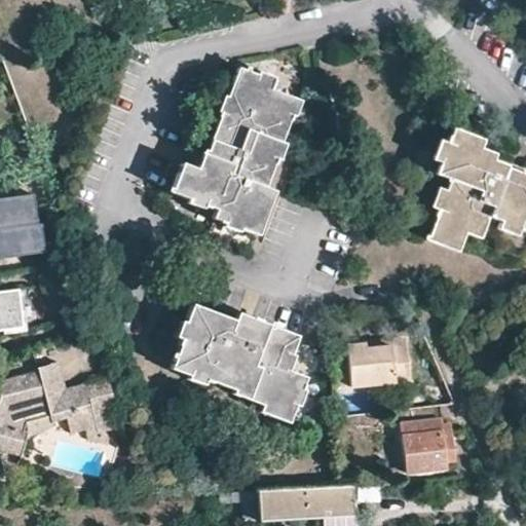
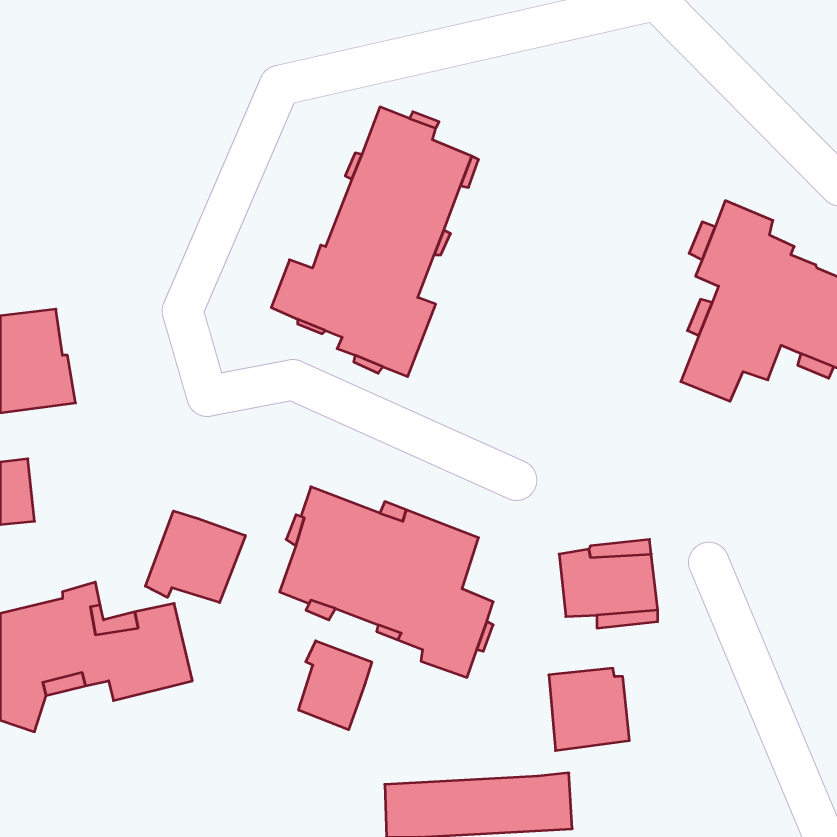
building: none -> [145,511,245,603]
building: none -> [299,641,372,730]
building: [402,419,452,471] -> [549,668,629,751]

